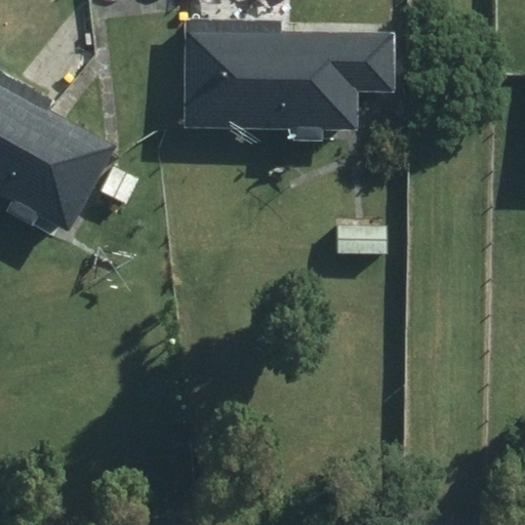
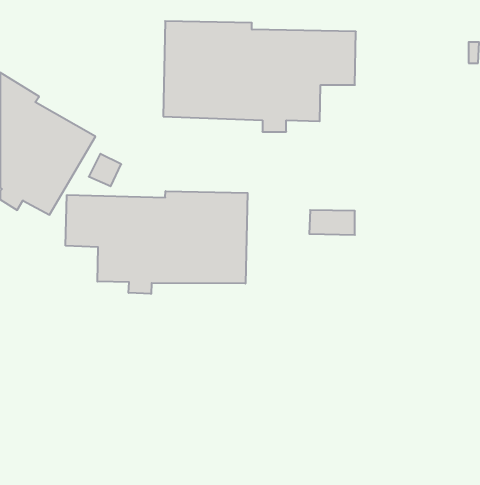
building: none -> [66,191,248,294]

